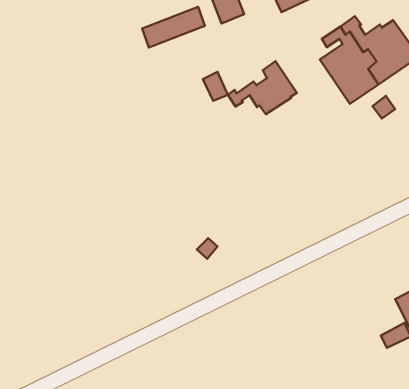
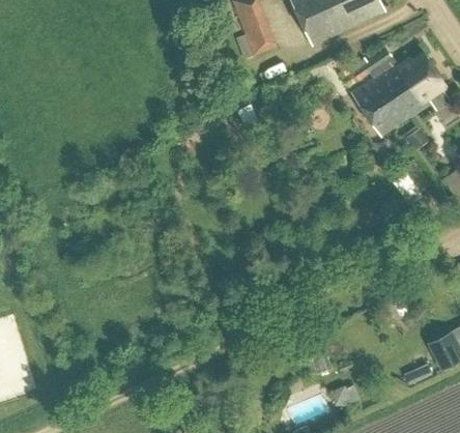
building: [142,7,205,47] -> none
building: [228,61,297,114] -> none

